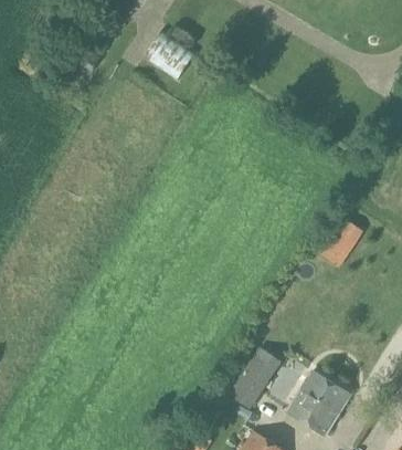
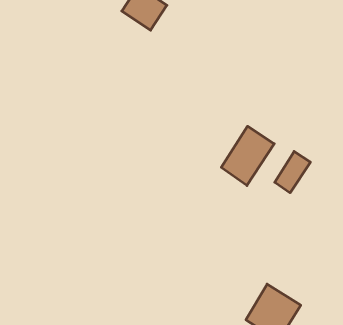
building: none -> [221,126,274,186]
building: [232,349,279,405] -> none

